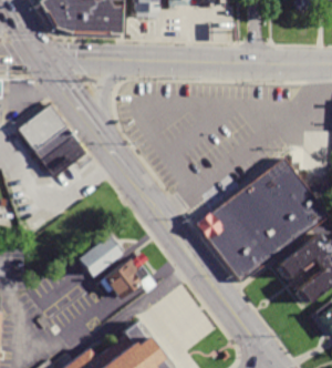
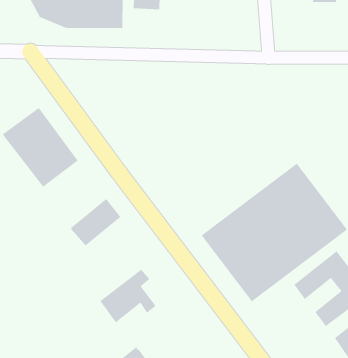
building: [79,234,124,277] -> [71,198,121,246]

